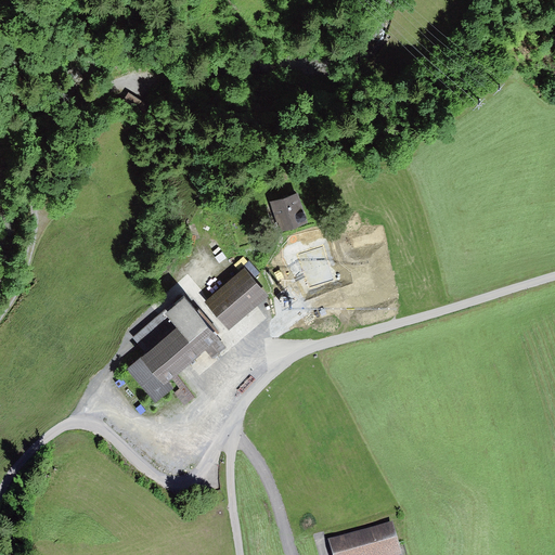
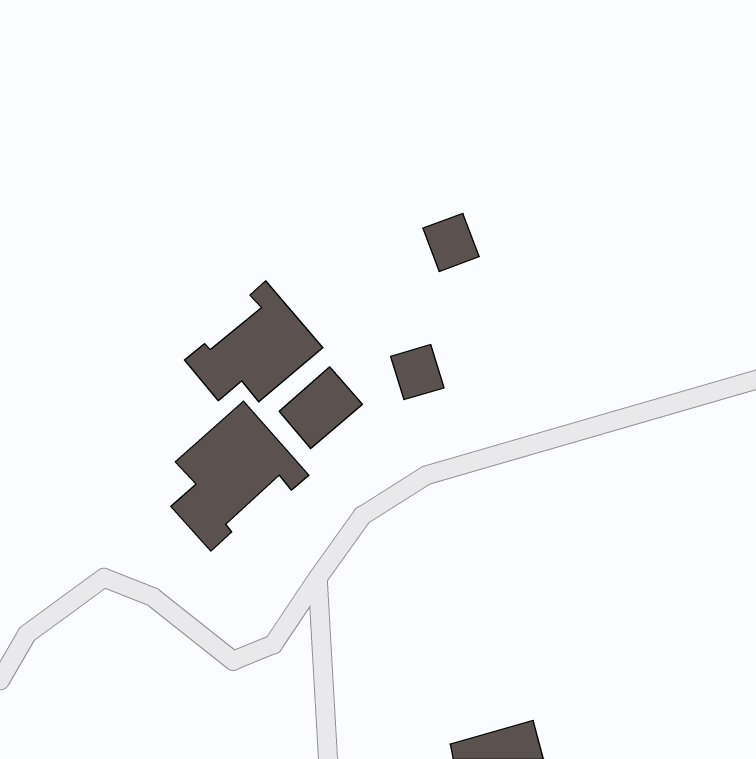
building: [267,194,308,236] -> [423,213,479,271]
building: none -> [184,281,323,402]

